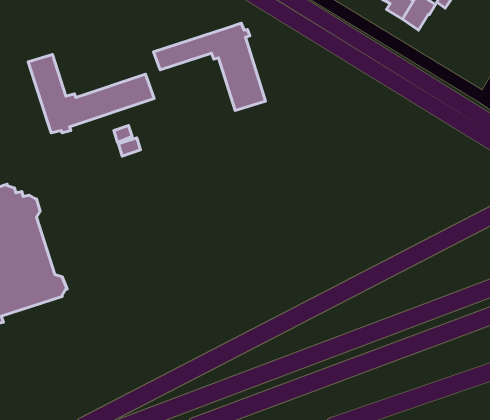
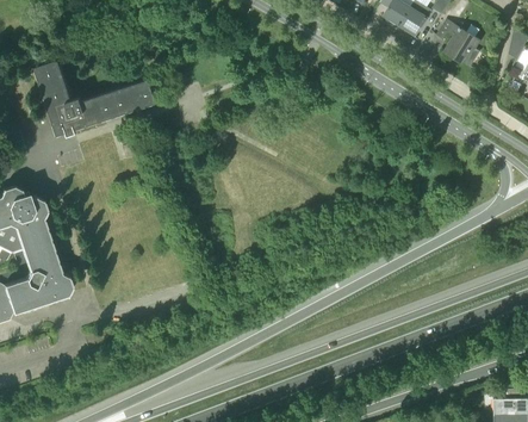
building: none -> [437,20,478,66]
building: [154,23,266,111] -> none

